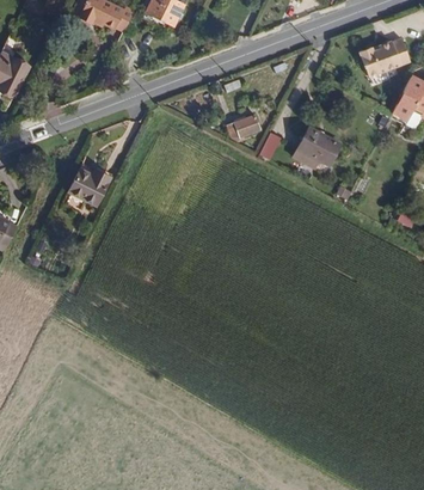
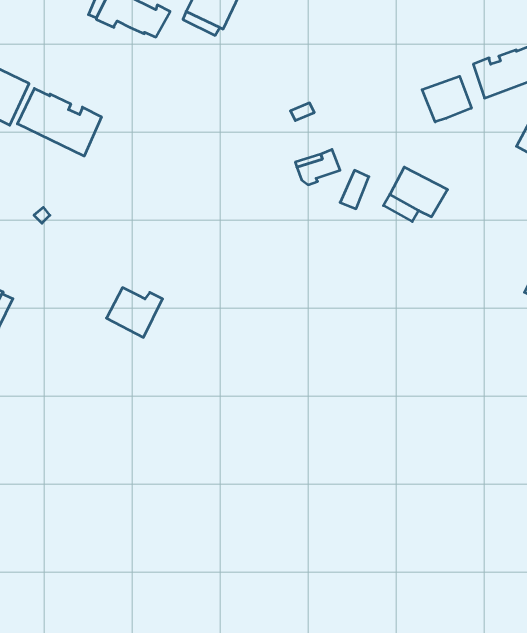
building: none -> [422,76,471,122]
building: none -> [17,88,101,156]
building: [68,167,110,204] -> [106,288,163,337]

